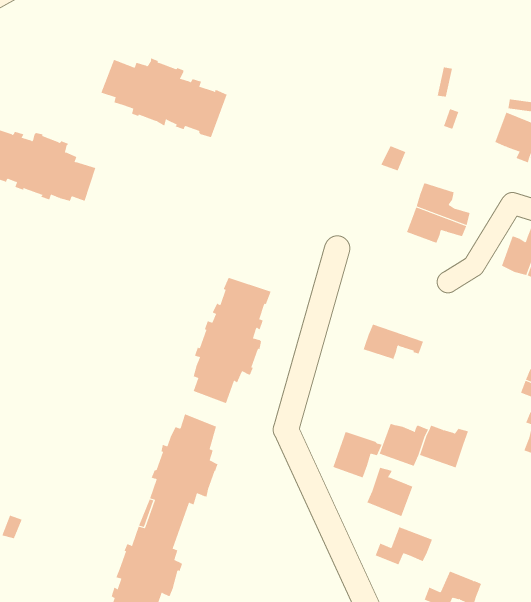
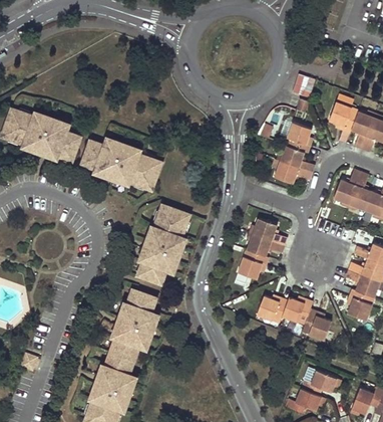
building: [101,57,227,138] -> [82,140,161,190]
building: none -> [284,122,311,153]
building: none -> [253,218,287,245]
building: [333,430,382,478] -> [238,249,269,279]
building: [367,467,413,517] -> [302,309,331,341]
building: [375,527,433,565] -> [301,371,337,395]

